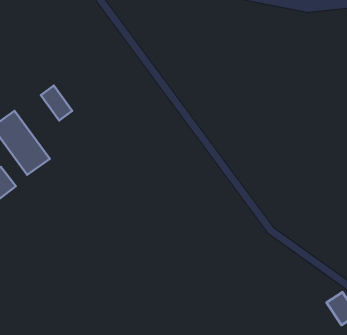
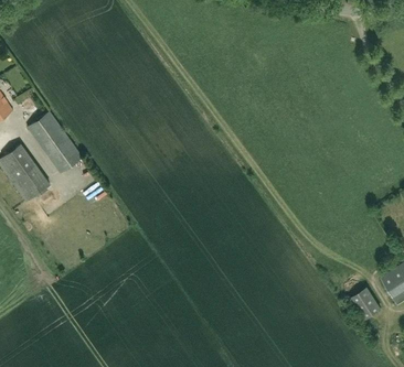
building: [41,86,72,120] -> none

